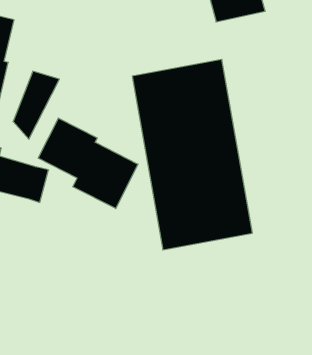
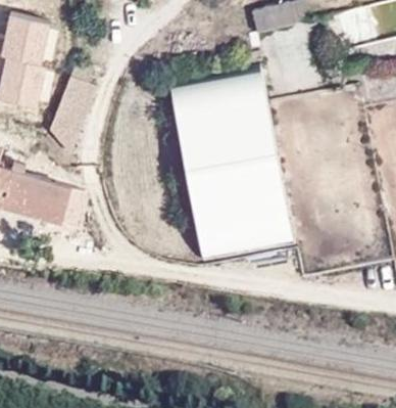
building: [38,118,138,209] -> none

